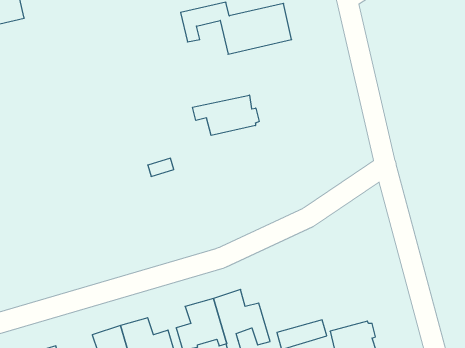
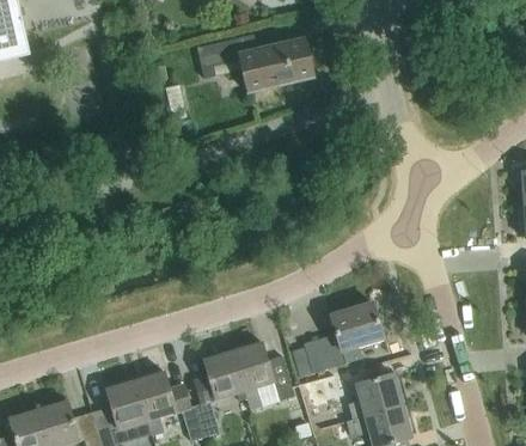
building: [193,95,259,135] -> none
building: none -> [305,303,383,372]

